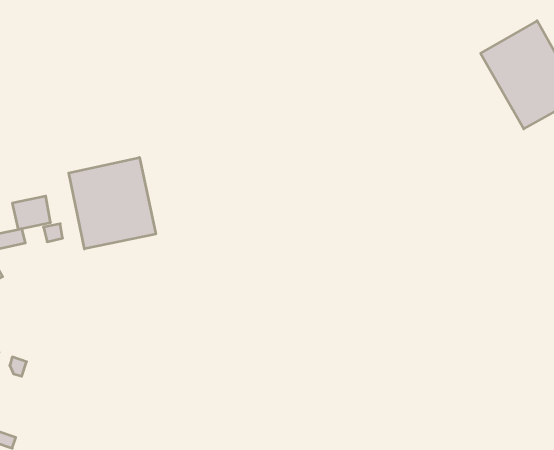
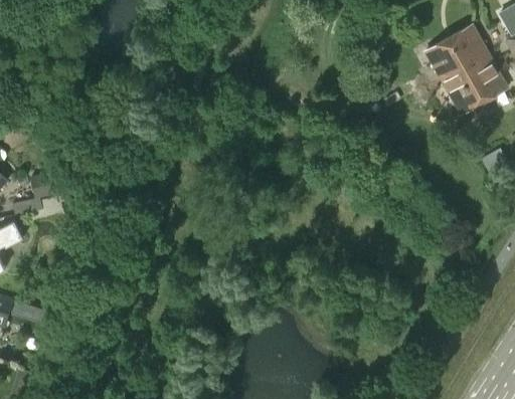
building: [69,157,156,249] -> none

